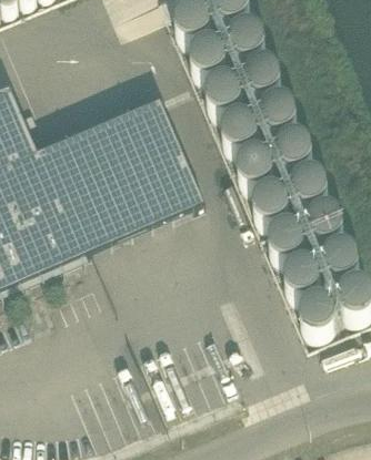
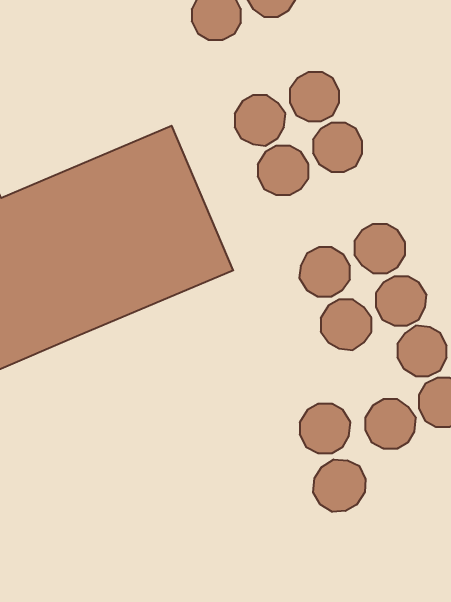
building: [230,22,267,58] -> none
building: [190,39,227,74] -> none
building: [277,132,312,167] -> none
building: [237,149,272,184] -> none
building: [283,259,320,295] -> [300,404,350,453]
building: none -> [313,459,365,512]

